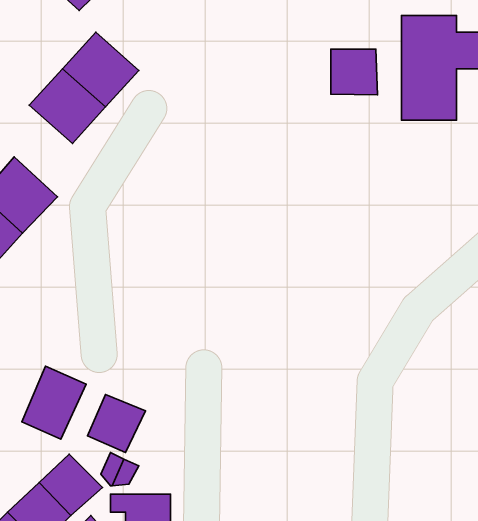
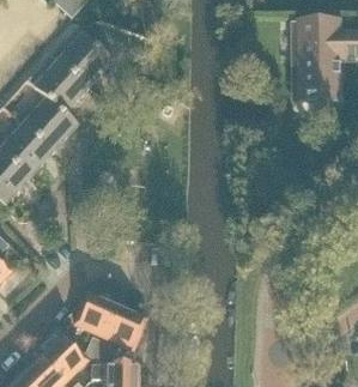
building: [331,49,378,95] -> none
building: none -> [22,85,77,151]
building: [22,366,86,439] -> none
building: none -> [102,306,145,349]

